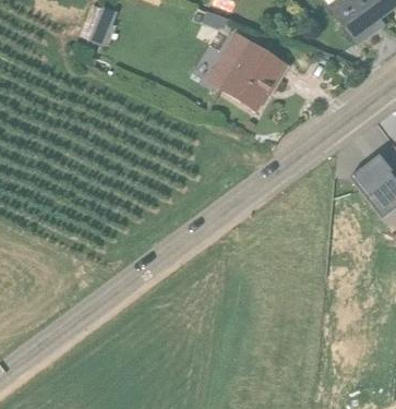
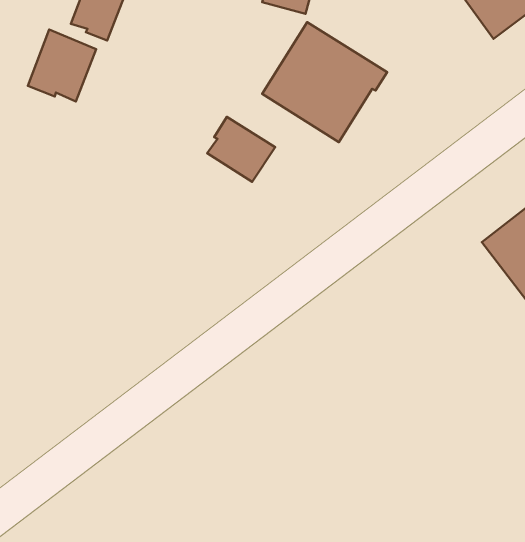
building: none -> [28,29,96,102]
building: none -> [207,117,275,182]

